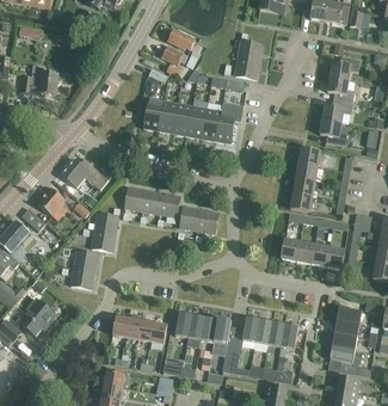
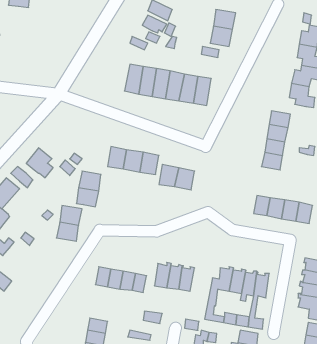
building: [21,64,58,93] -> none
building: [62,156,110,189] -> none
building: [20,297,57,336] -> none
building: [214,316,238,371] -> none

